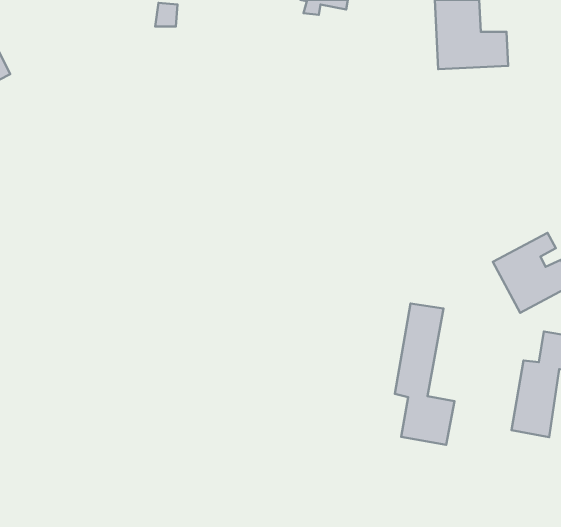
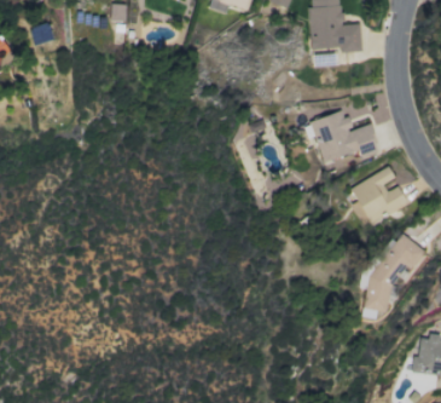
building: none -> [312,113,371,159]
building: [395,304,454,445] -> none

